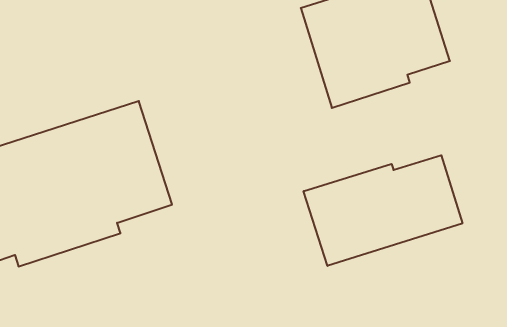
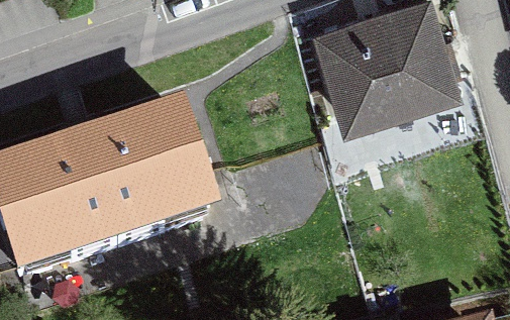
building: [304,155,462,266] -> none

